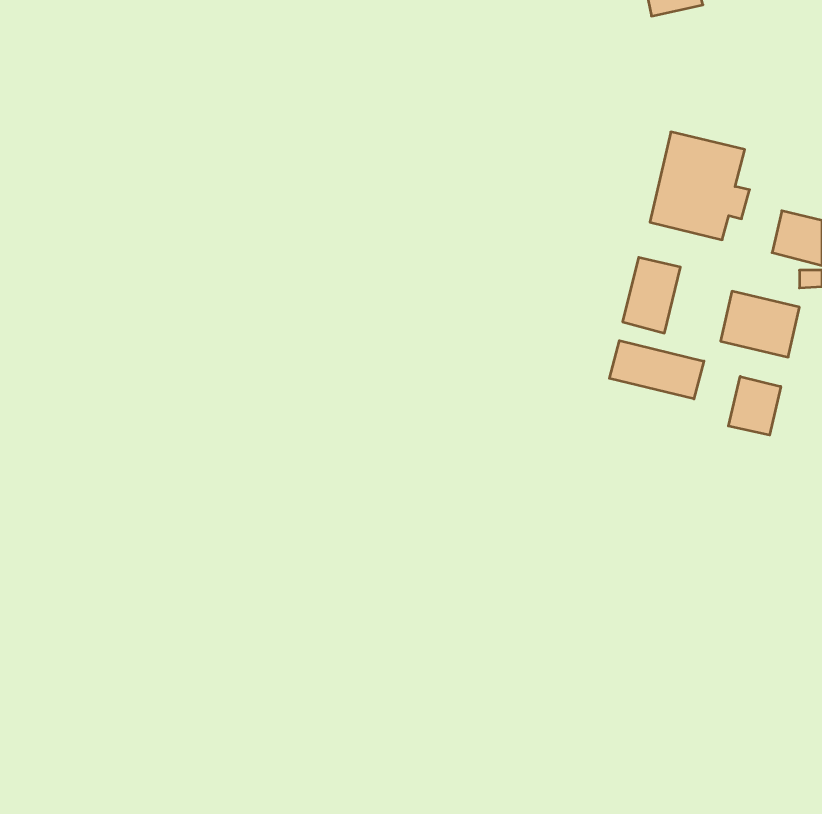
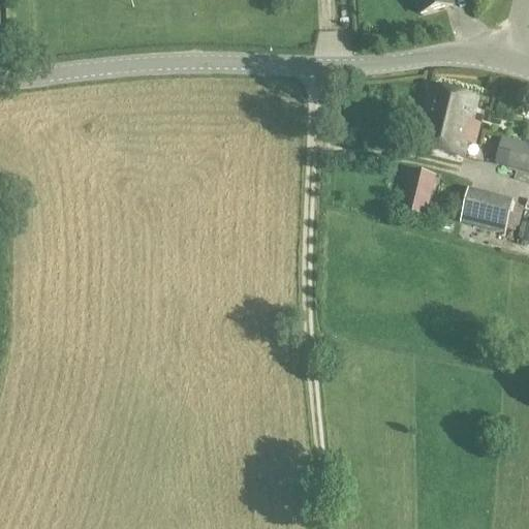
building: [609,341,704,399] -> none
building: [728,376,781,435] -> none

